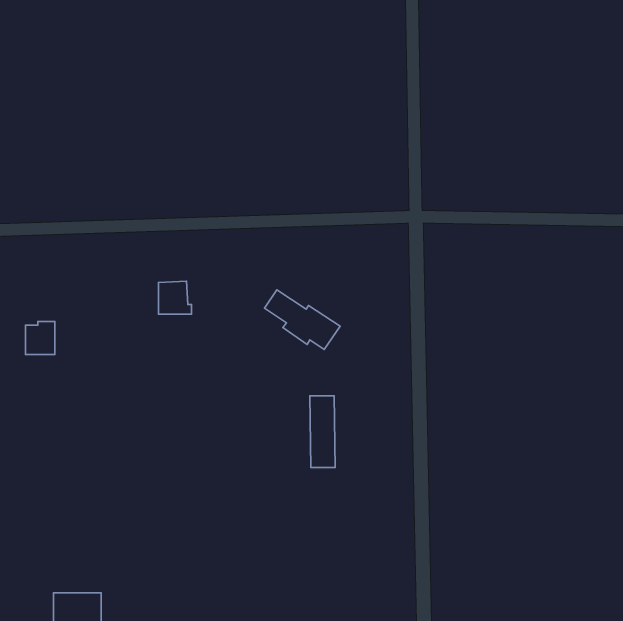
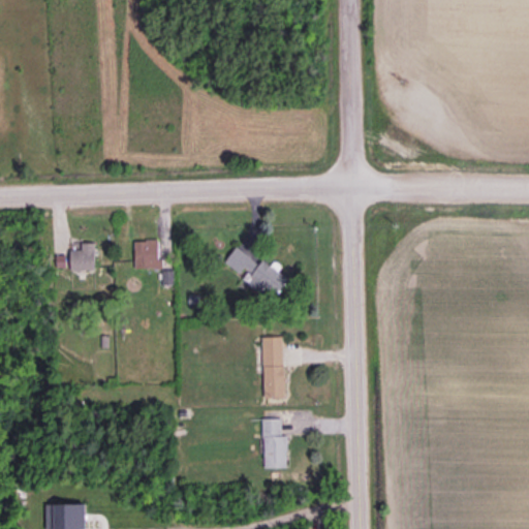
building: [25,322,55,354] -> [70,243,95,271]
building: none -> [262,418,288,469]

